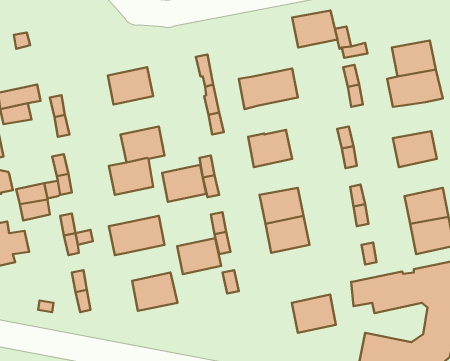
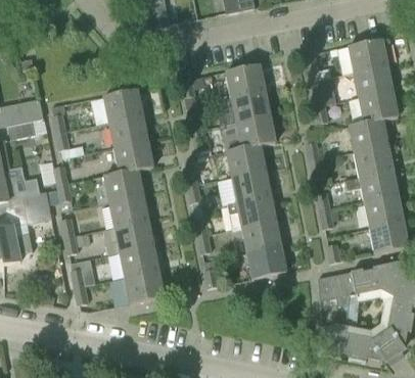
building: none -> [348,39,386,72]
building: [292,10,337,48] -> [225,64,265,97]
building: none -> [107,114,147,148]
building: none -> [235,115,275,148]
building: none -> [348,120,387,151]
building: none -> [231,170,270,201]
building: none -> [344,170,398,202]
building: [162,165,206,202] -> [108,194,147,227]
building: [177,238,221,274] -> [119,245,157,277]
building: [292,295,336,333] -> [246,245,285,279]

